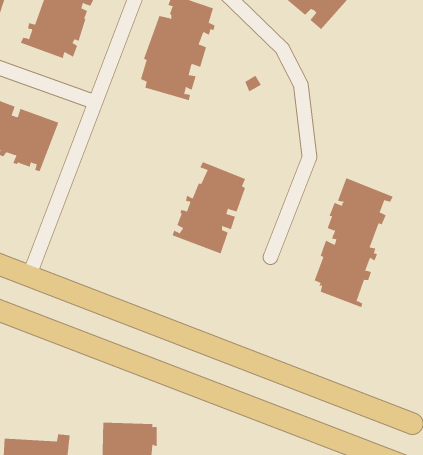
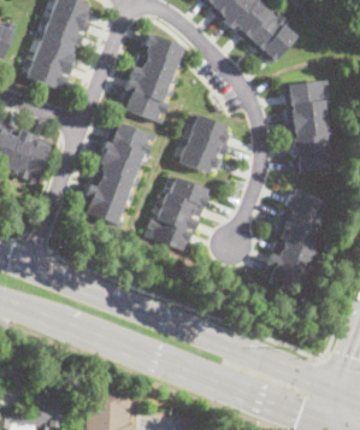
building: none -> [282,78,335,173]
building: none -> [173,111,231,172]
building: none -> [82,119,153,222]

